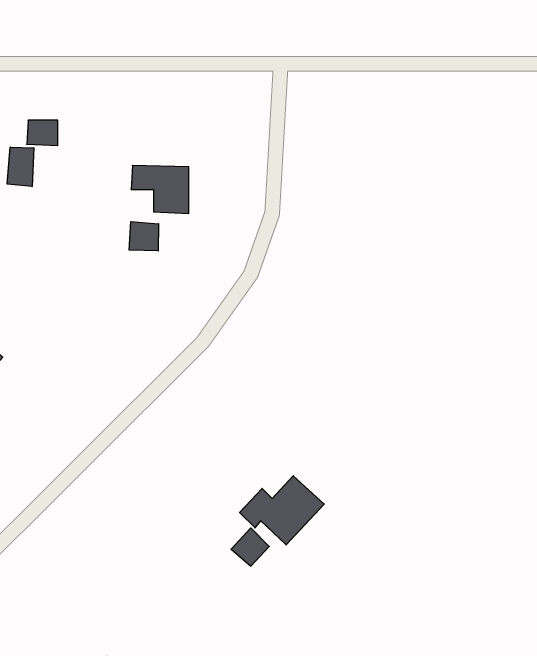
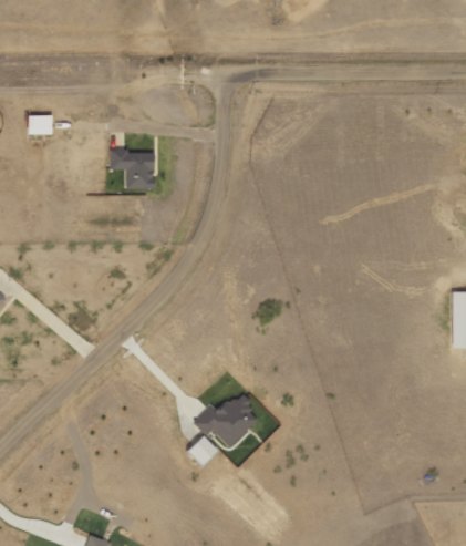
building: [7,147,34,187] -> none
building: [129,222,159,251] -> none

